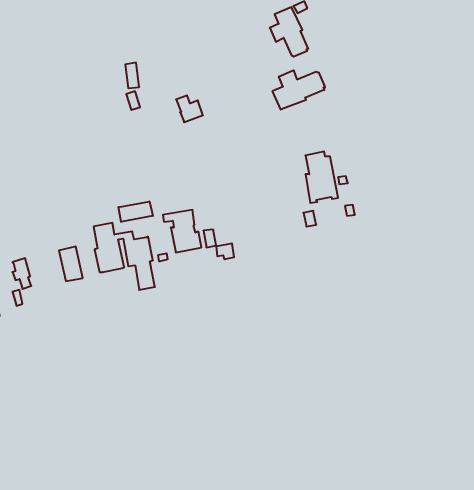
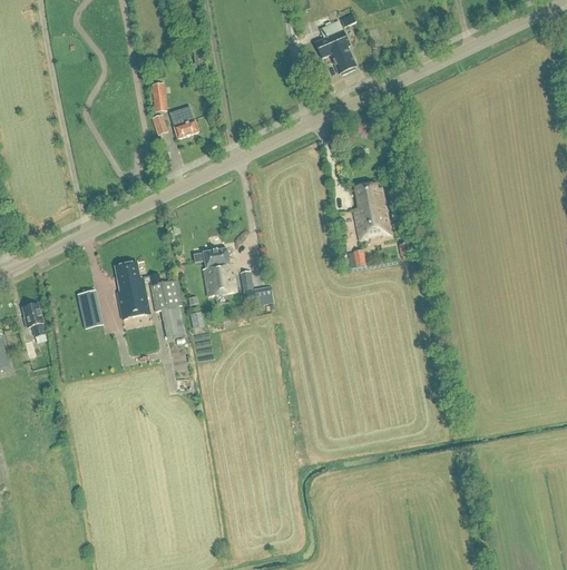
building: [273,70,325,110] -> none
building: [176,95,203,122] -> [168,108,198,138]
building: [118,201,153,222] -> none

